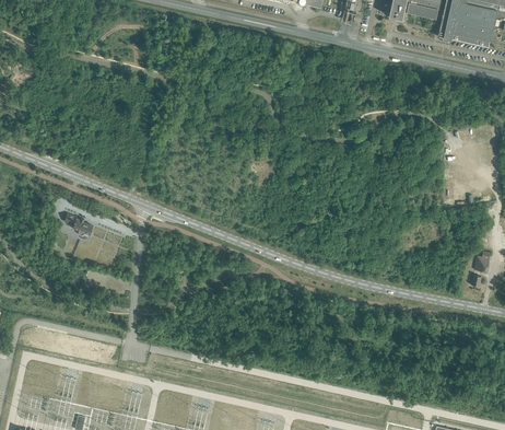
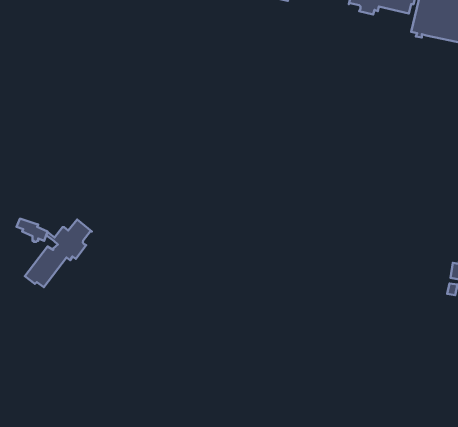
building: none -> [25,219,92,287]

